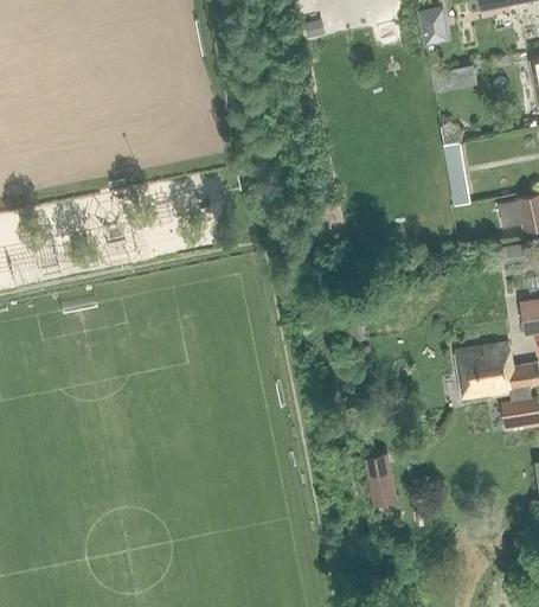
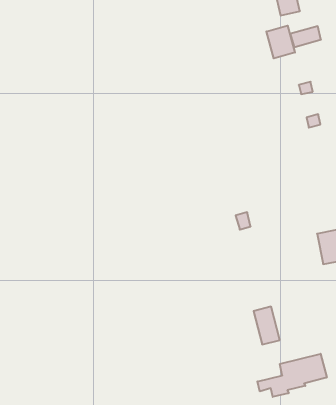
building: none -> [266,26,295,58]
building: none -> [257,354,327,397]

